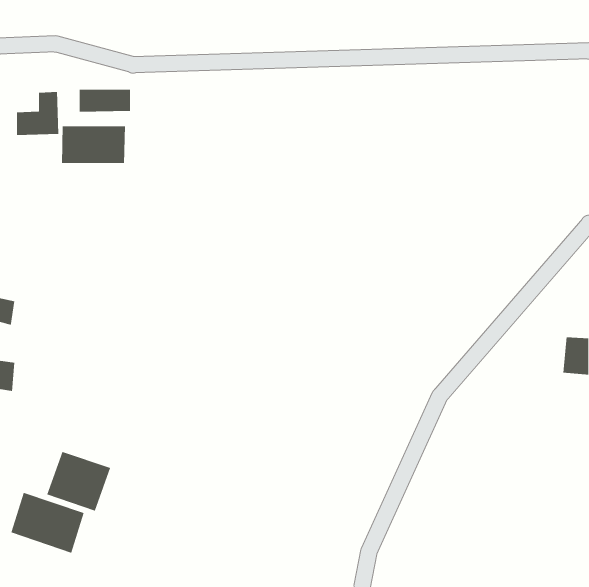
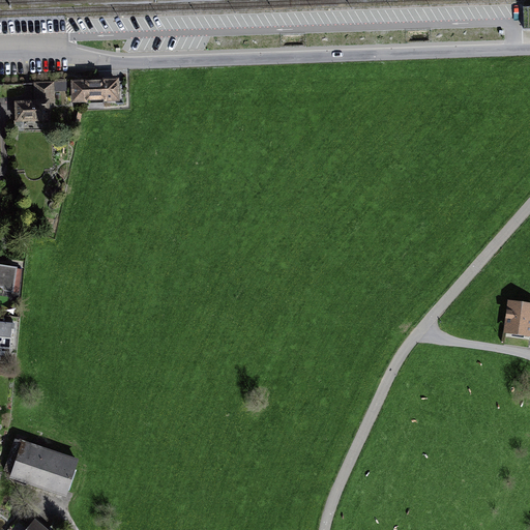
building: [61,125,125,164] -> none
building: [46,451,111,511] -> none

